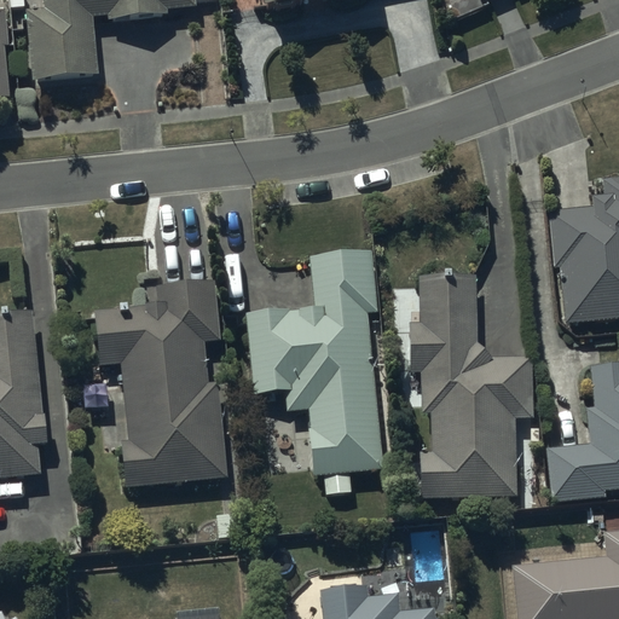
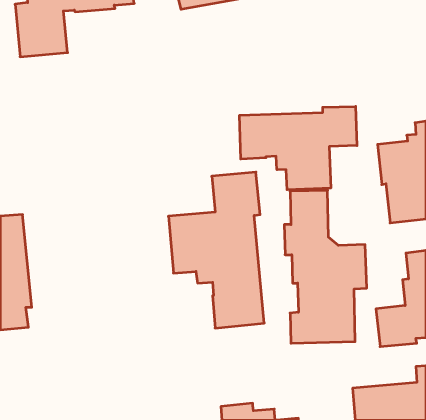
building: none -> [240,106,357,190]
building: [93,278,226,485] -> none

